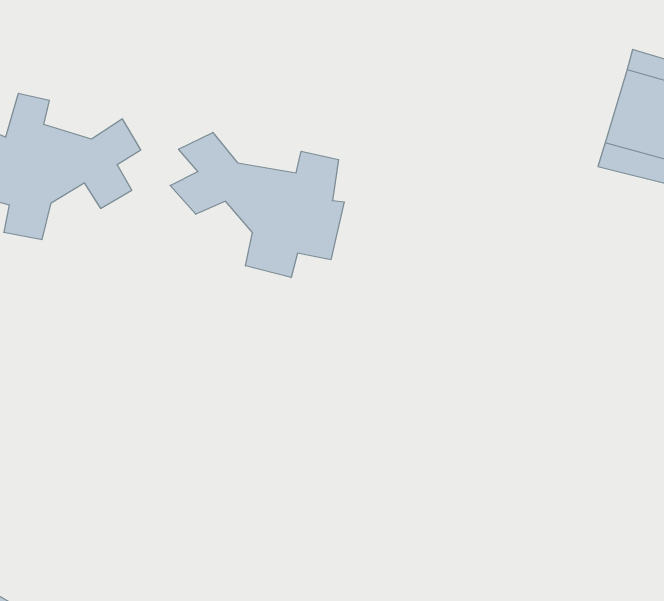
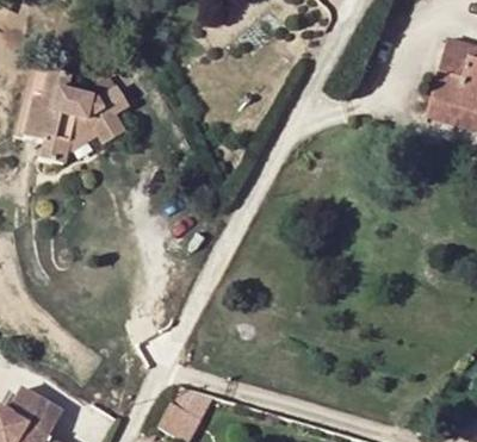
building: [170,132,344,278] -> none

